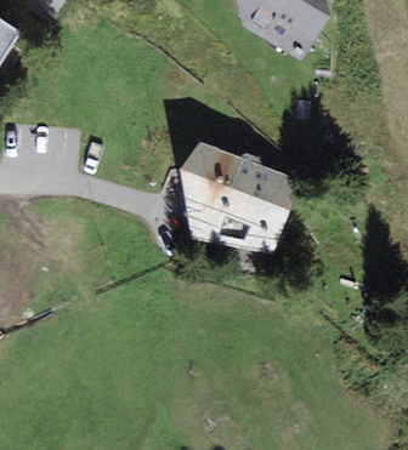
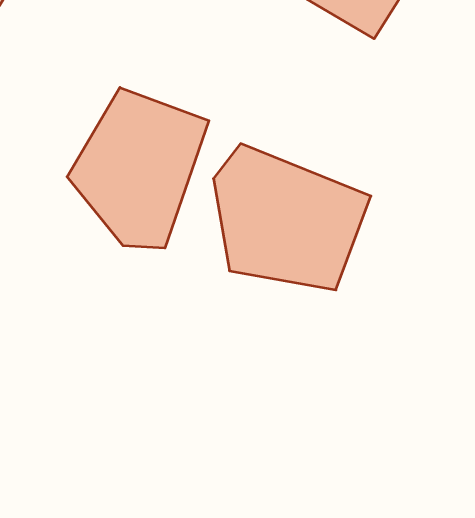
building: none -> [67,87,209,248]

